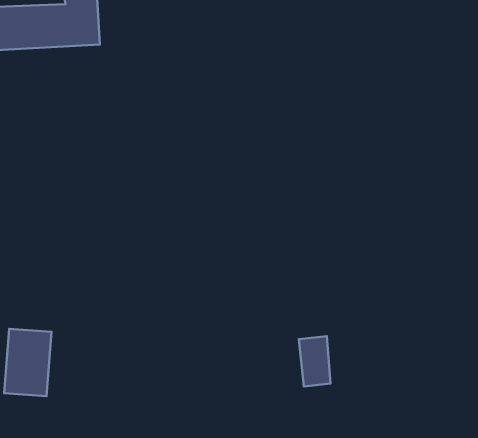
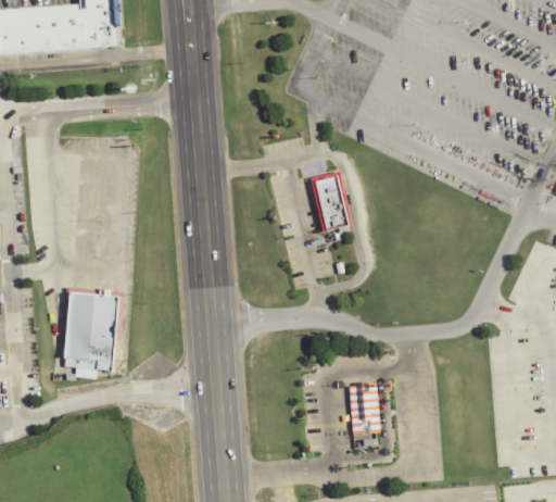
building: none -> [314,175,348,227]
building: [4,329,51,396] -> [65,292,118,368]

